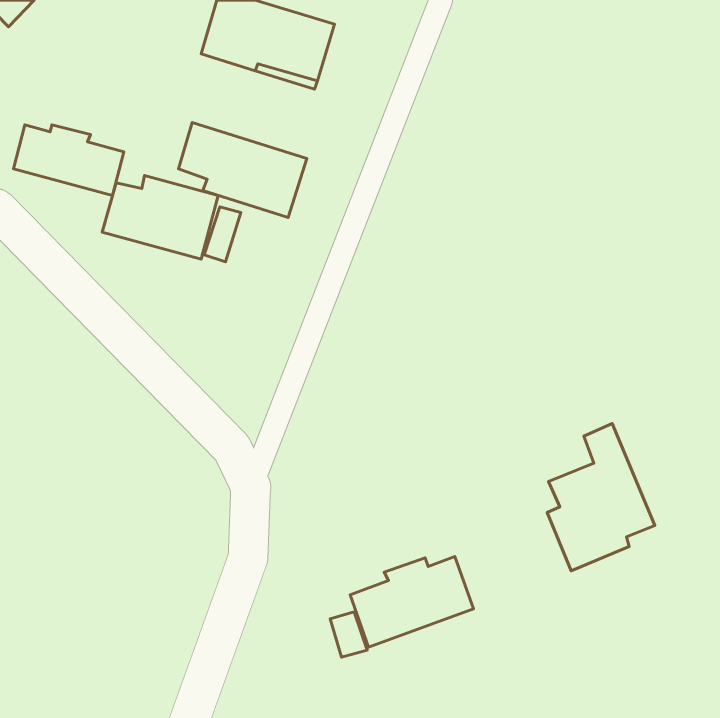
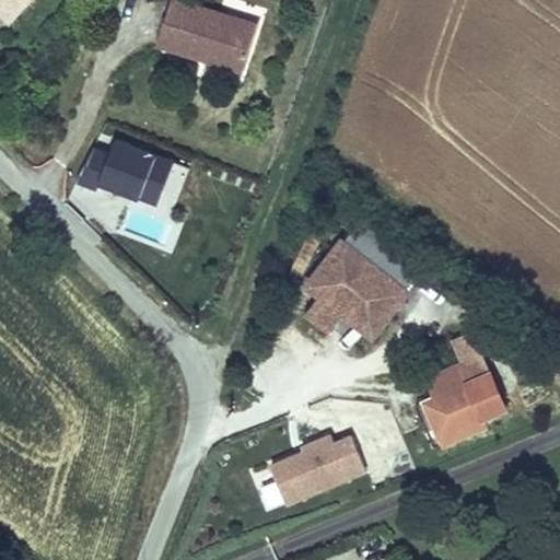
building: [179,122,307,217] -> none
building: [14,125,124,196] -> none
building: none -> [307,247,402,338]

